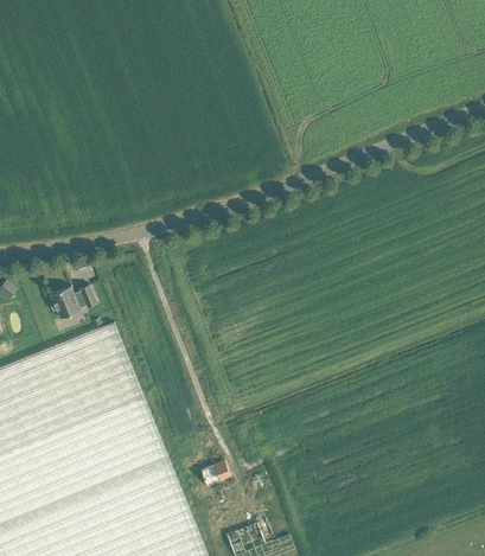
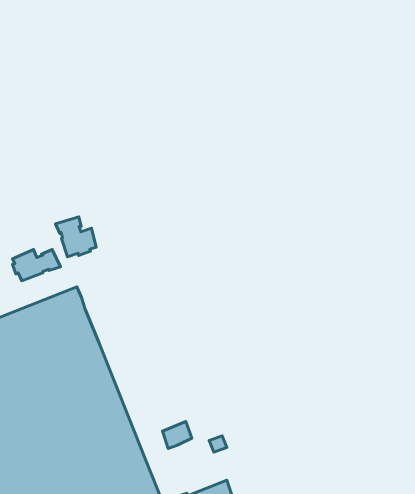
building: none -> [55,217,96,257]

